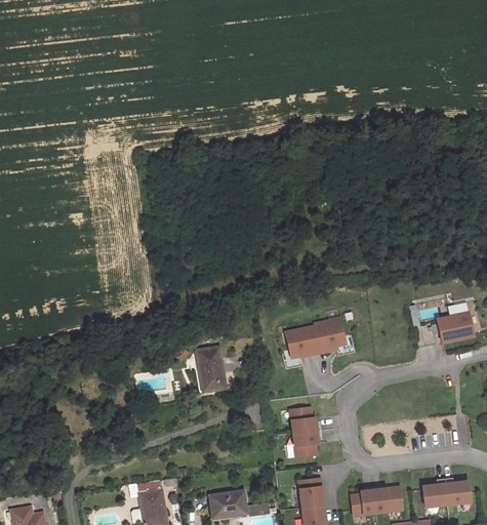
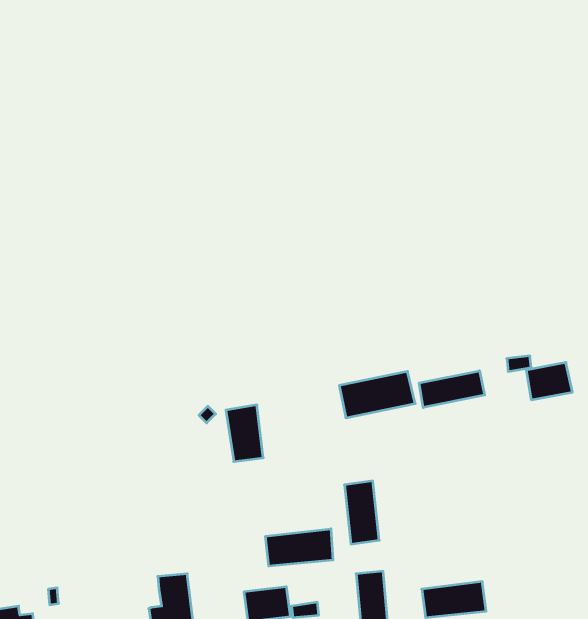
building: none -> [419,371,485,408]
building: none -> [266,529,333,566]
building: [423,482,472,508] -> none

